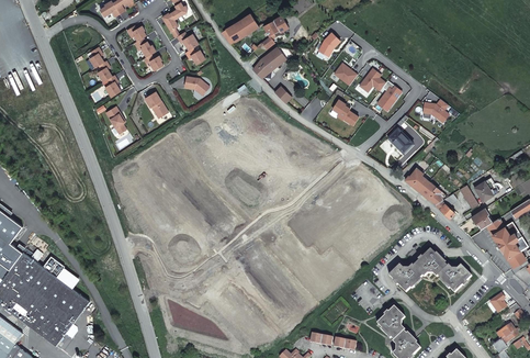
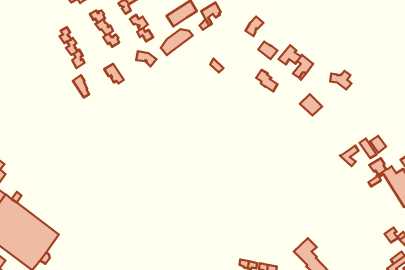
building: [252,46,292,78] -> [161,29,193,55]
building: [405,169,446,204] -> none
building: [390,249,472,293] -> none

